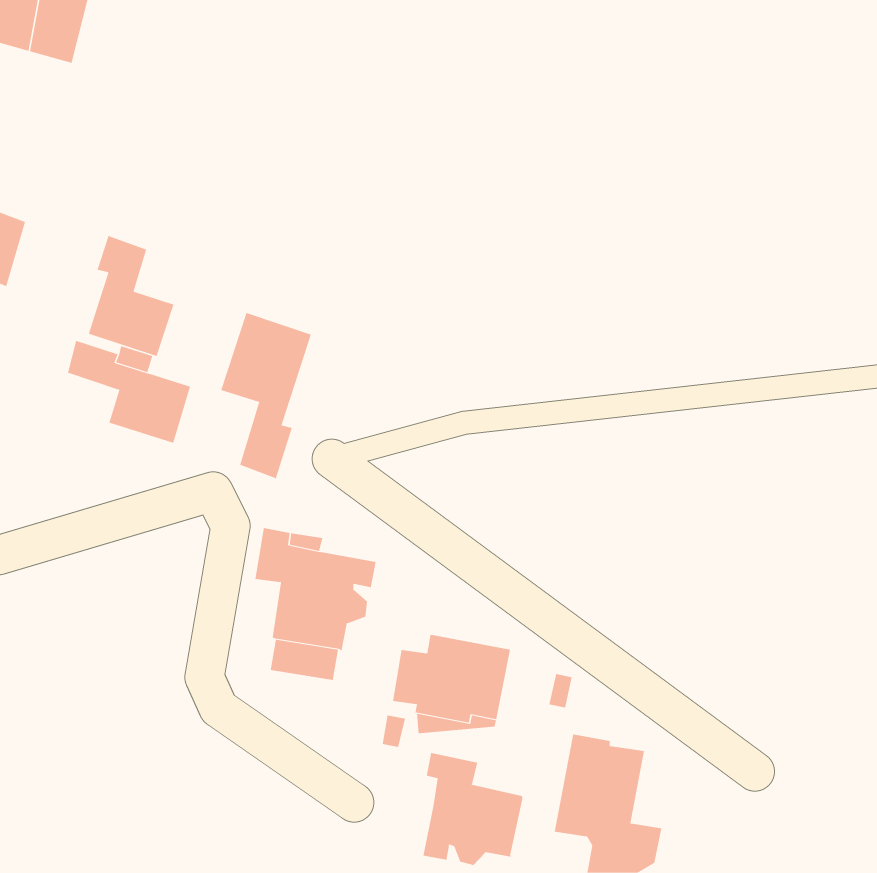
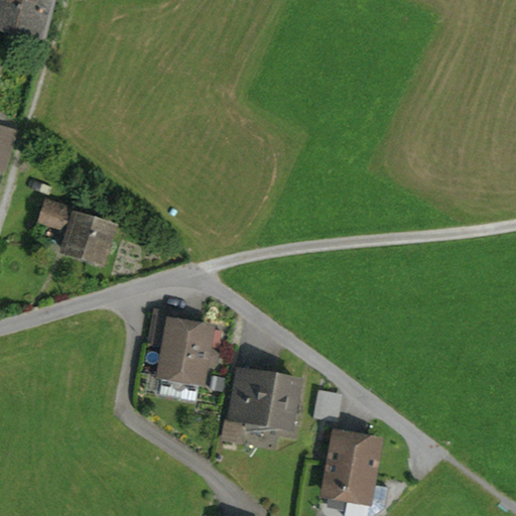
building: [88,235,174,357] -> none
building: [221,312,311,479] -> none
building: [423,752,523,866] -> none

